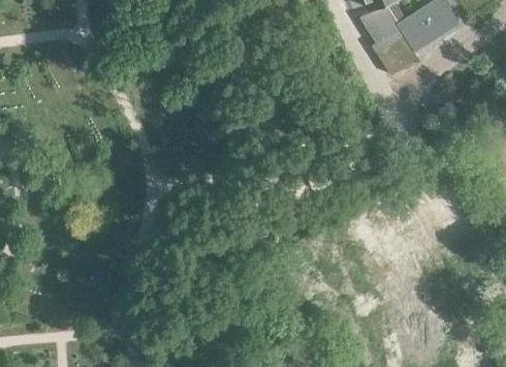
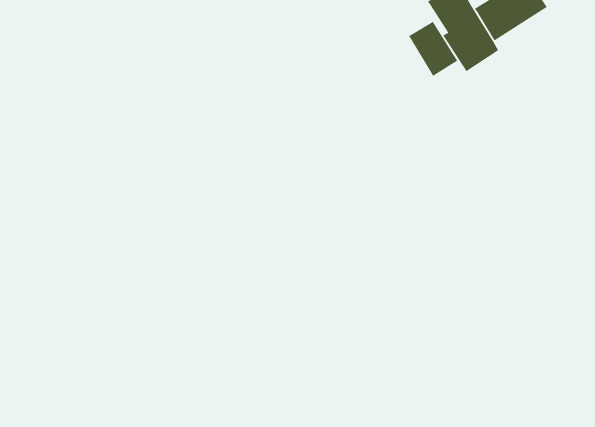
building: none -> [408,21,458,77]

